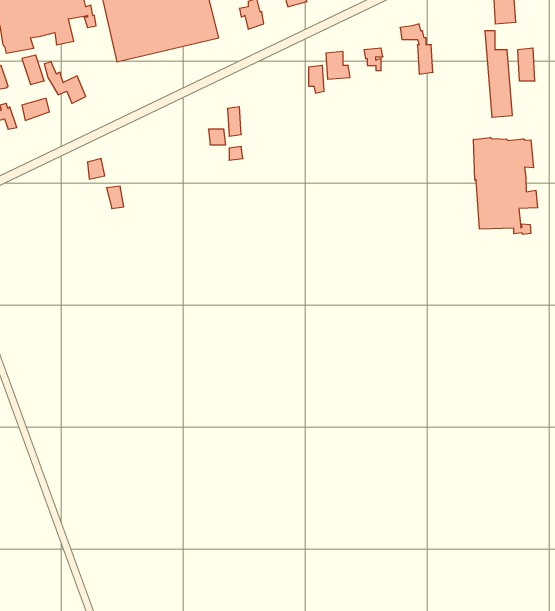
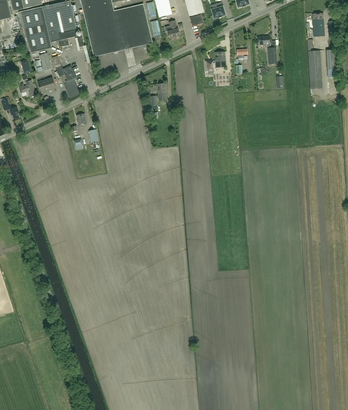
building: [474,137,537,234] -> none

